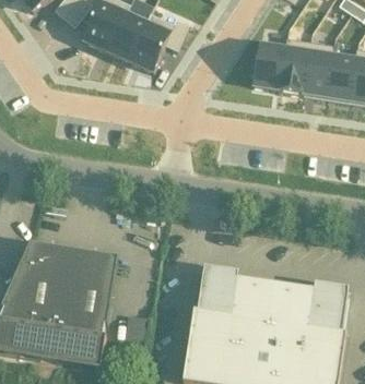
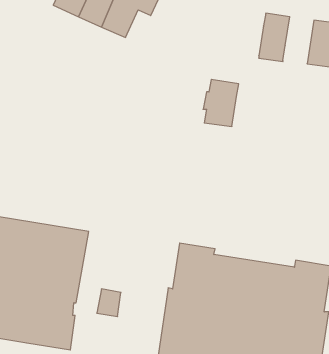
building: [251,43,285,87] -> [203,79,239,126]
building: [302,50,331,95] -> none

